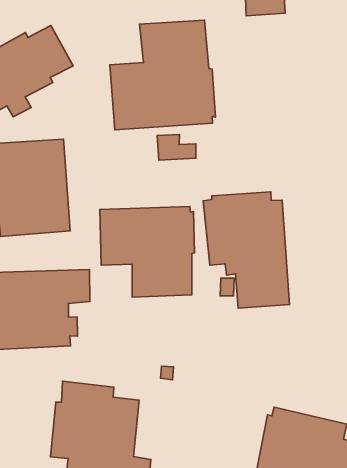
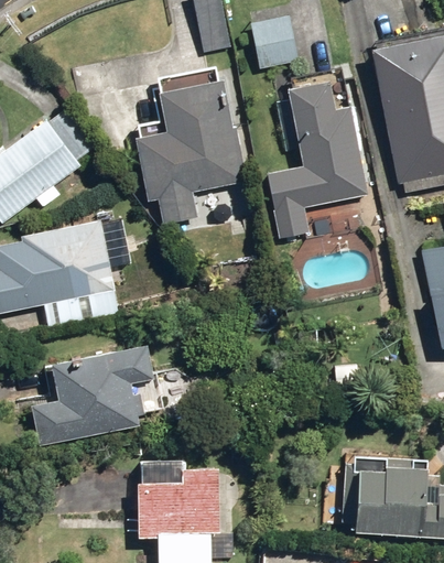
building: none -> [264,79,369,238]
building: [203,192,290,308] -> none
building: [100,207,195,297] -> none

